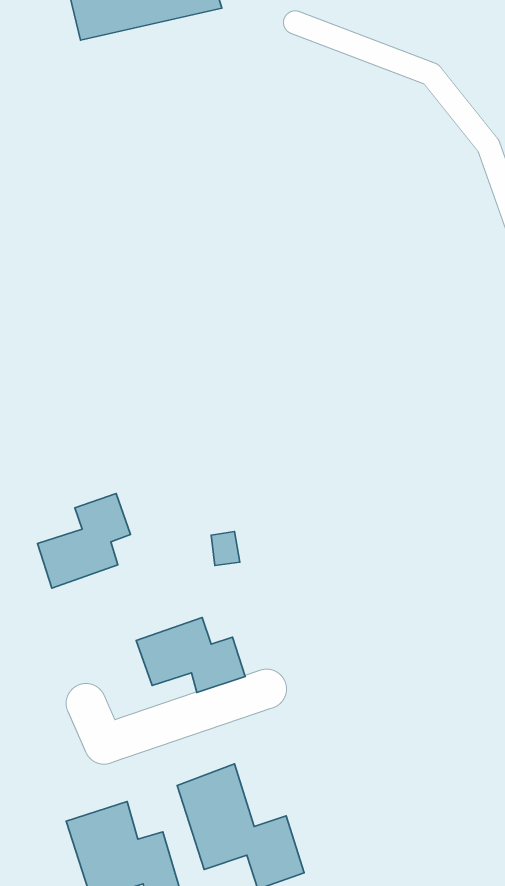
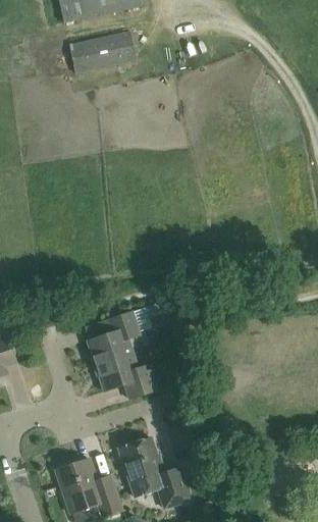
building: none -> [68,31,136,73]
building: [37,493,130,588] -> [87,312,140,366]

